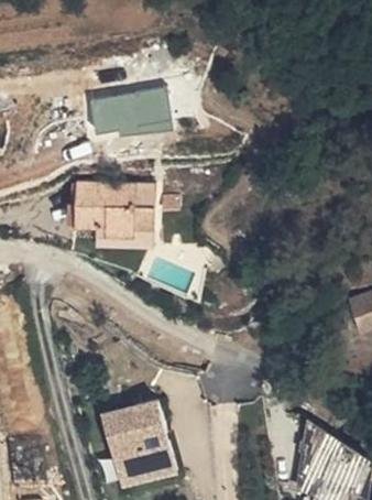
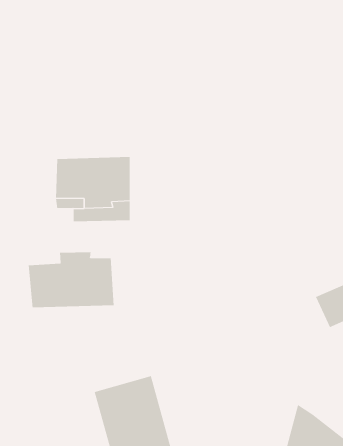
building: [97,87,180,133] -> none
building: none -> [28,251,114,308]

